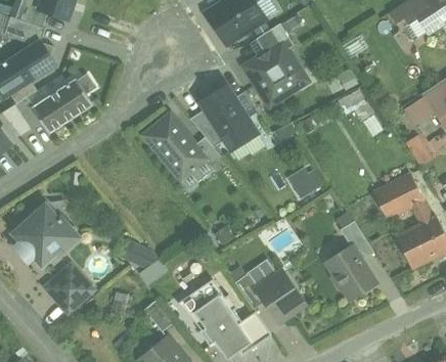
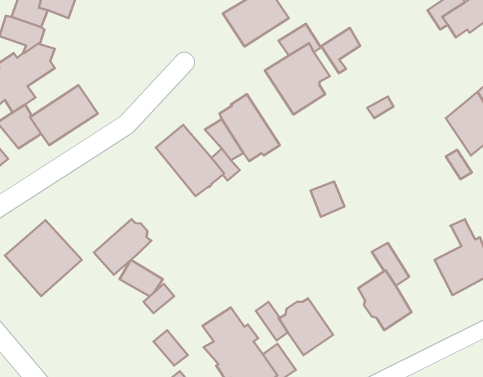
building: none -> [321,28,360,73]
building: [374,174,426,219] -> none
building: none -> [94,219,152,275]
building: [47,265,94,311] -> none

